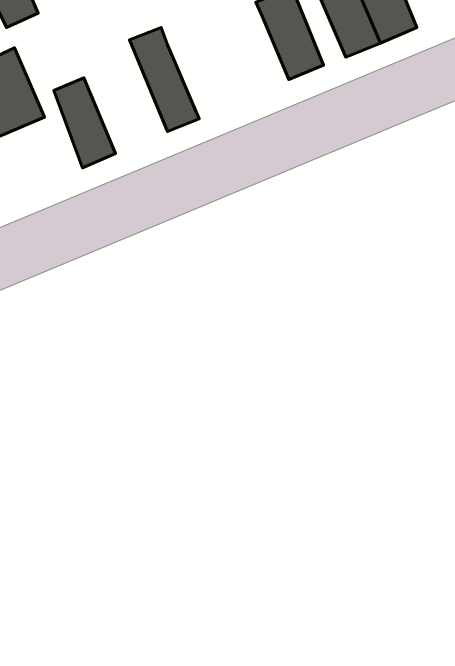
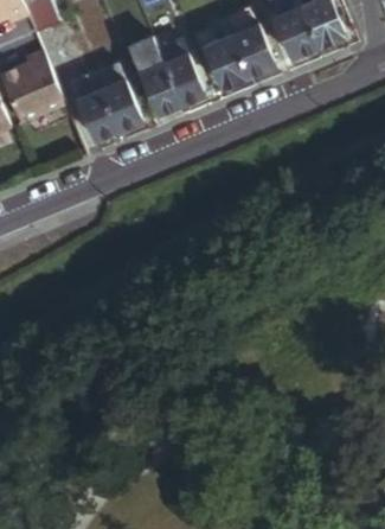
building: none -> [207,30,252,89]
building: none -> [161,42,207,107]
building: none -> [98,65,145,133]

